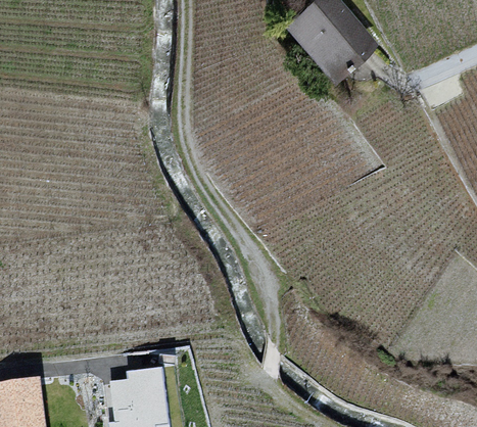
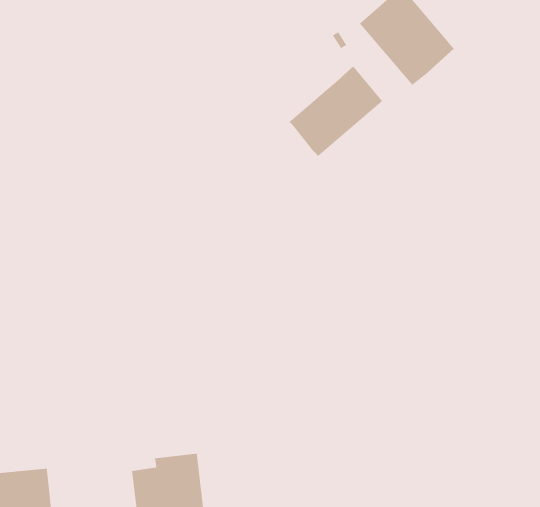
building: none -> [288,65,383,157]

